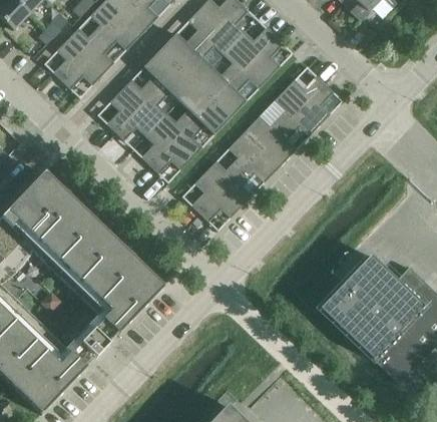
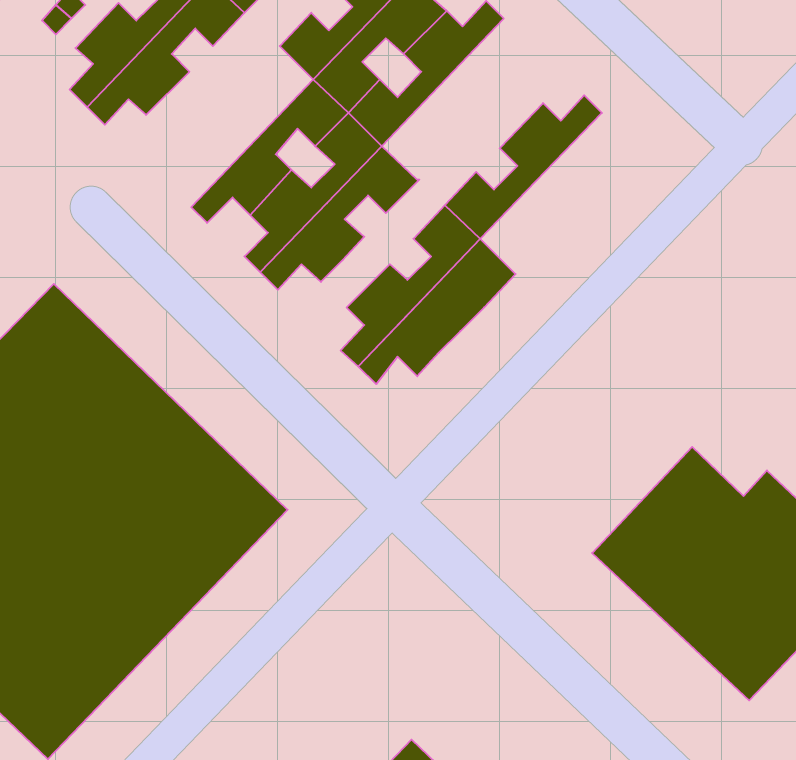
building: [211,35,283,117] -> none
building: [105,49,176,131] -> none
building: [262,83,333,165] -> none

